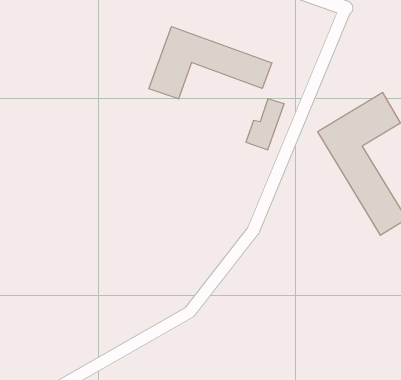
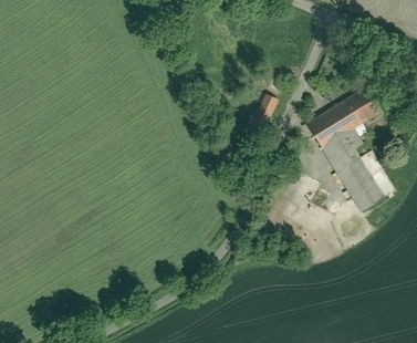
building: [149,27,272,99] -> none

